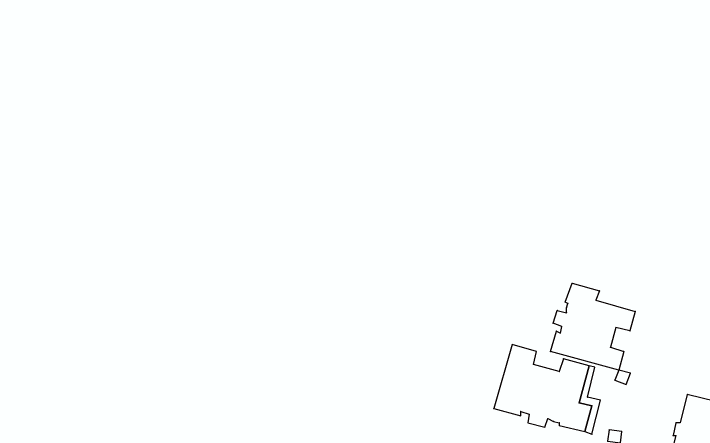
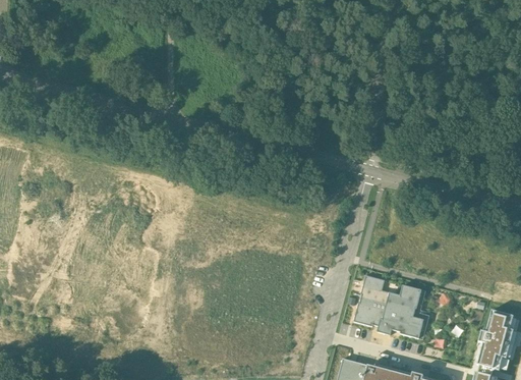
building: [550,283,635,370] -> none

